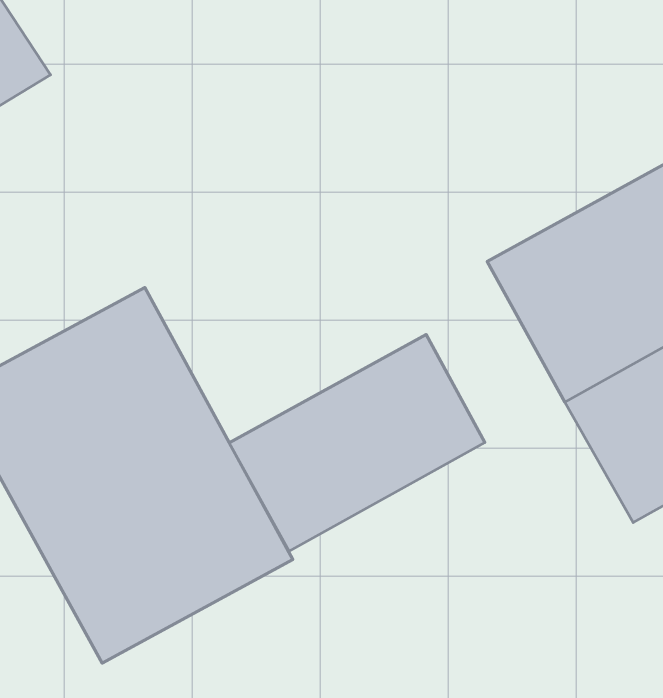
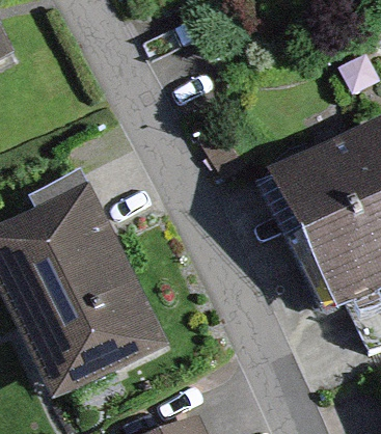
building: [229,335,485,551] -> none

